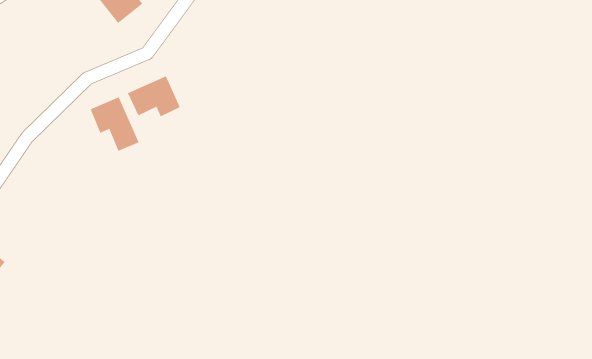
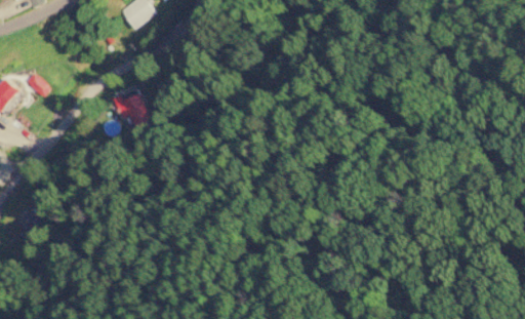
building: [127,76,181,117] -> none

